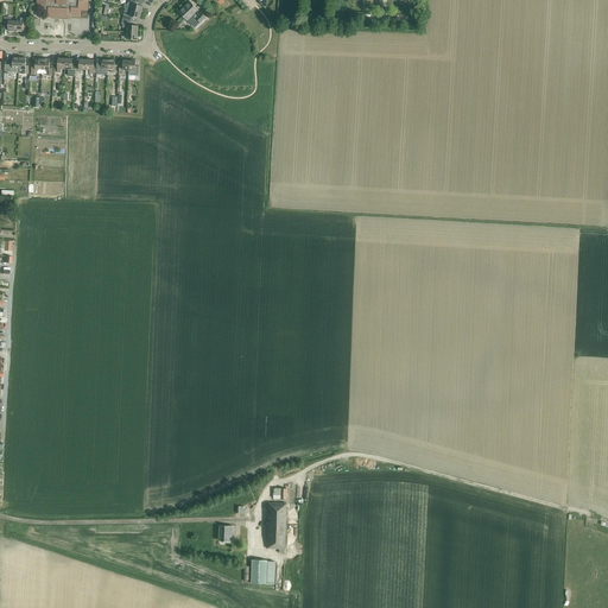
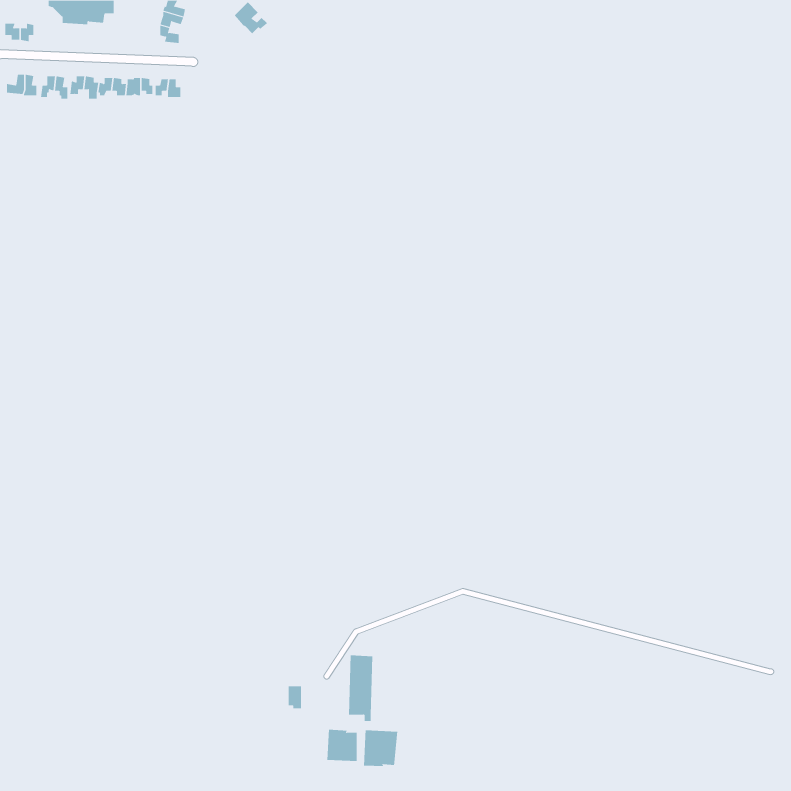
building: none -> [363,730,398,767]

